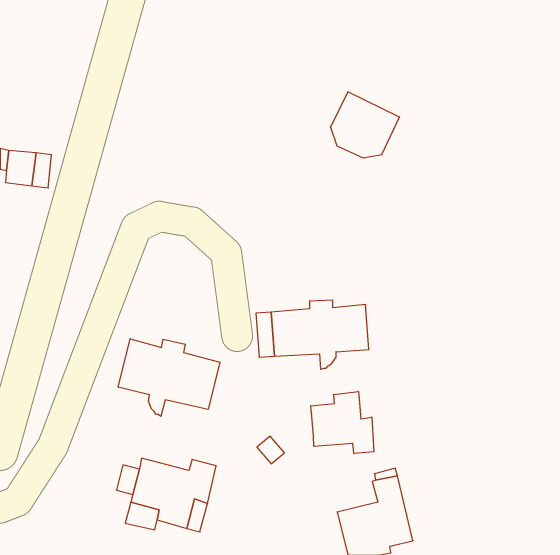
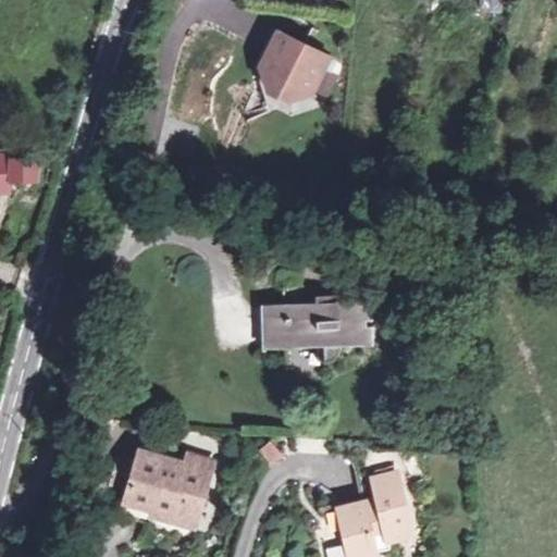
building: [330,92,400,158] -> [259,30,327,96]
building: [118,339,220,416] -> none
building: [311,391,374,454] -> none

